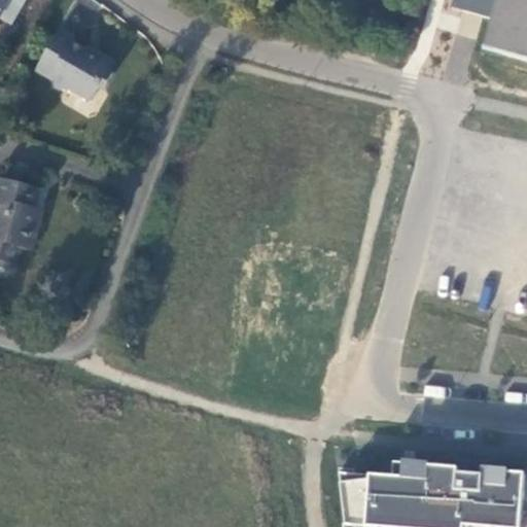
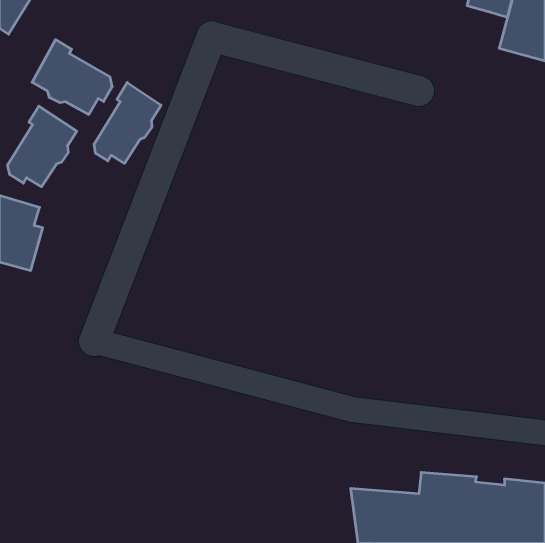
building: none -> [94,82,161,163]
building: none -> [8,106,77,187]

